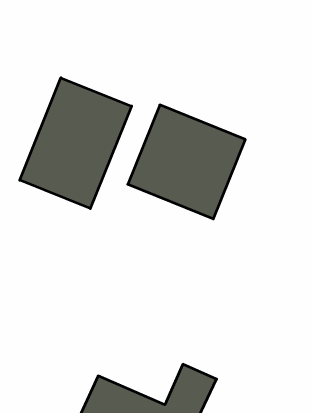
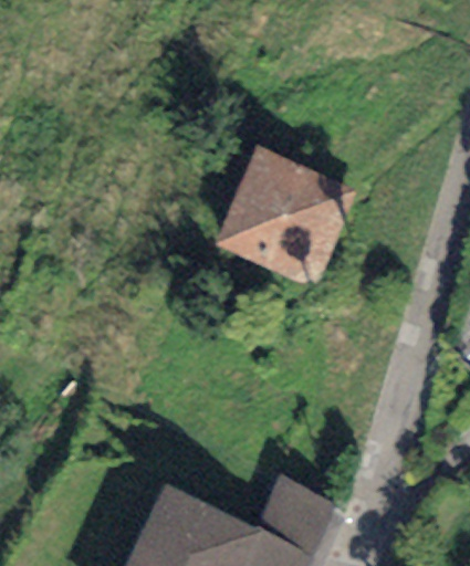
building: [20,78,132,209] -> none

